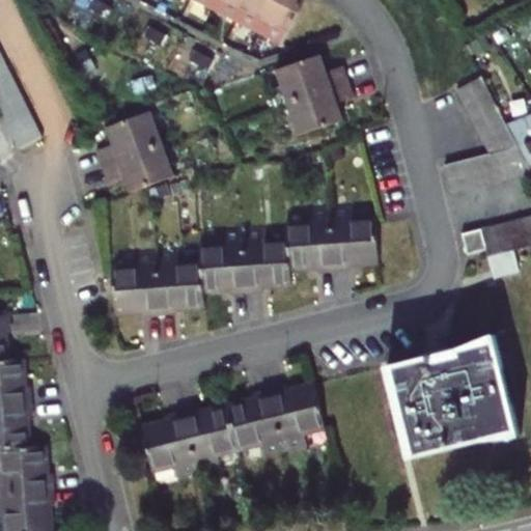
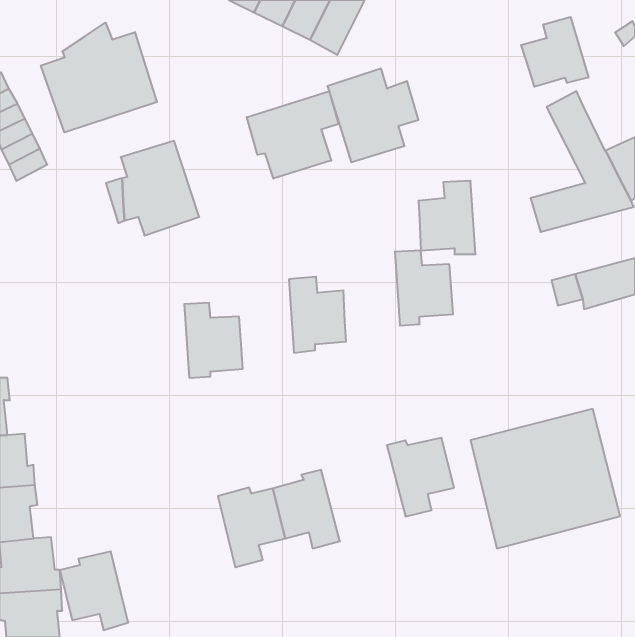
building: none -> [521,17,588,87]
building: none -> [41,23,157,132]
building: none -> [247,91,339,179]
building: [285,209,333,271] -> [418,181,476,254]
building: [198,232,245,295] -> none
building: [110,253,158,316] -> none
building: [268,385,324,450] -> [387,438,454,516]
building: [139,413,196,478] -> [60,551,128,630]

